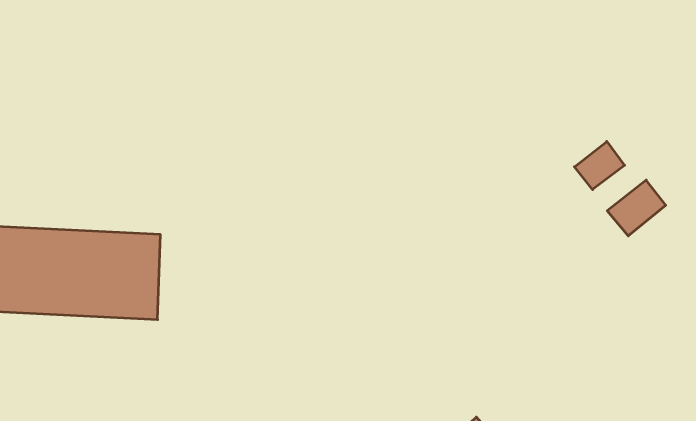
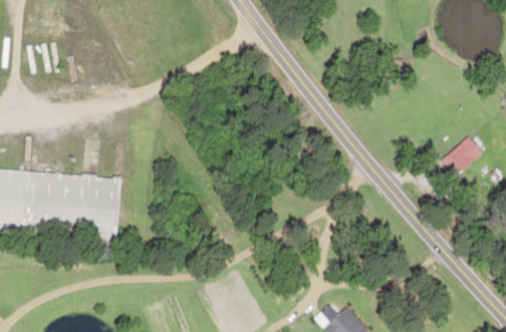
building: [574,141,625,190] -> none

